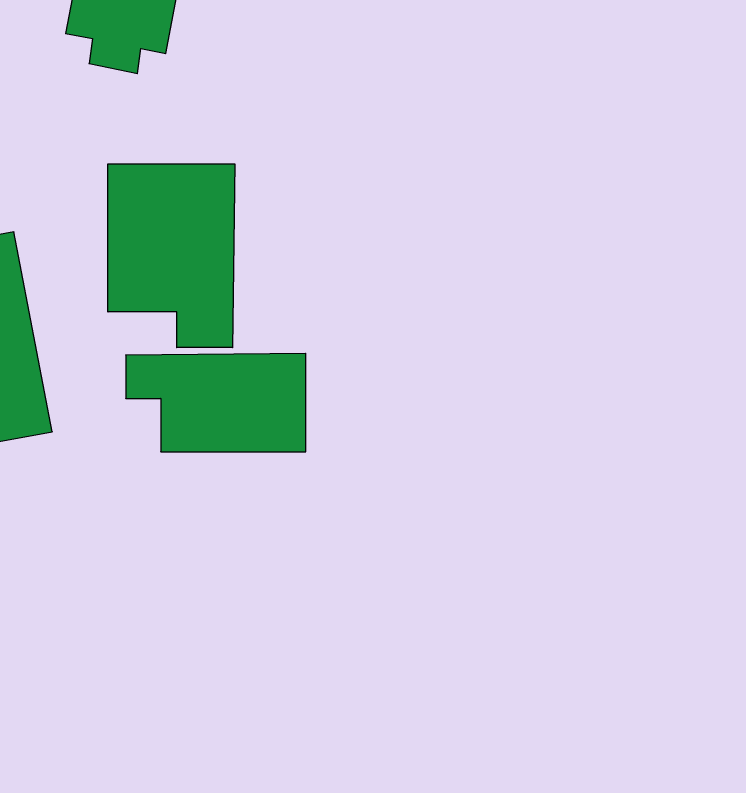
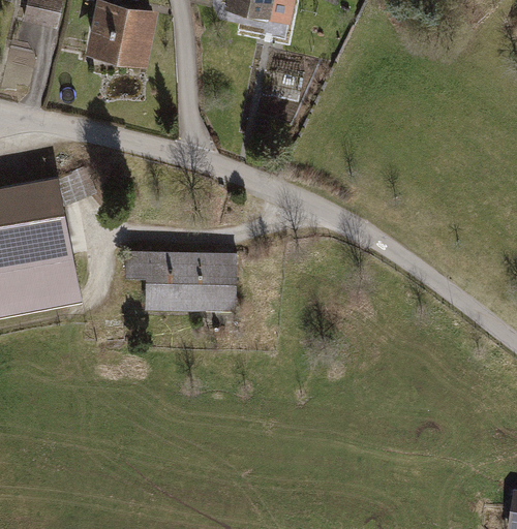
building: [108,164,235,348] -> none

